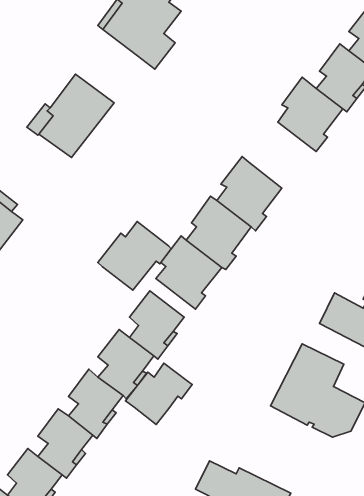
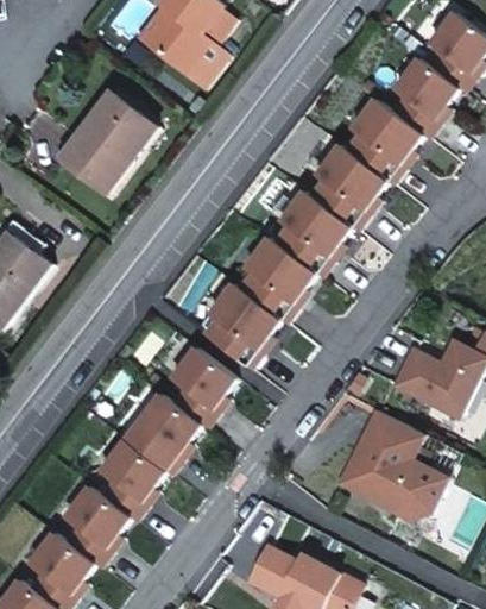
building: none -> [310,143,386,230]
building: [98,222,171,290] -> none
building: [125,363,192,425] -> none

